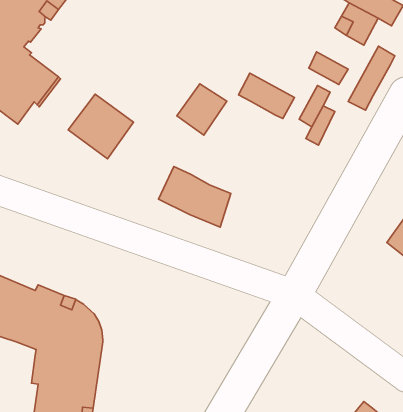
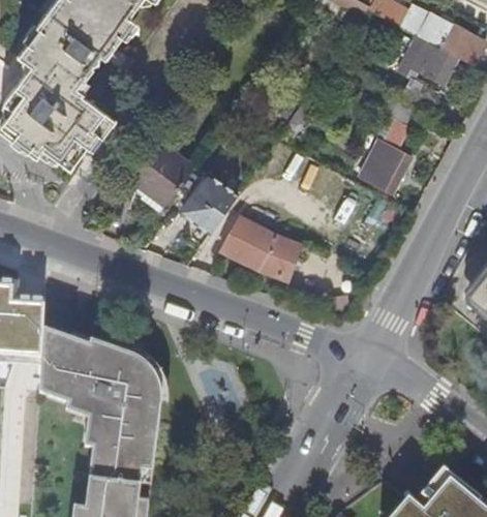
building: [348,46,395,110] -> none
building: [238,73,295,118] -> none
building: [177,84,227,135] -> [183,178,237,233]

